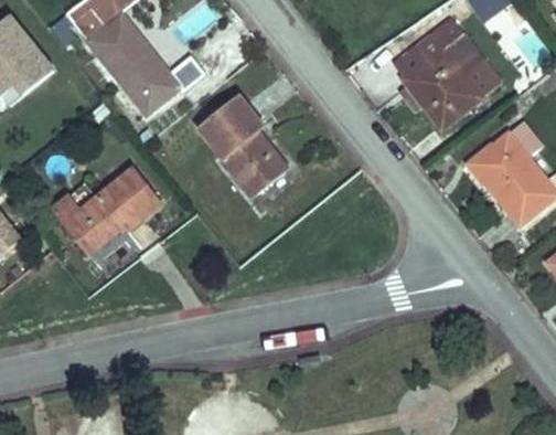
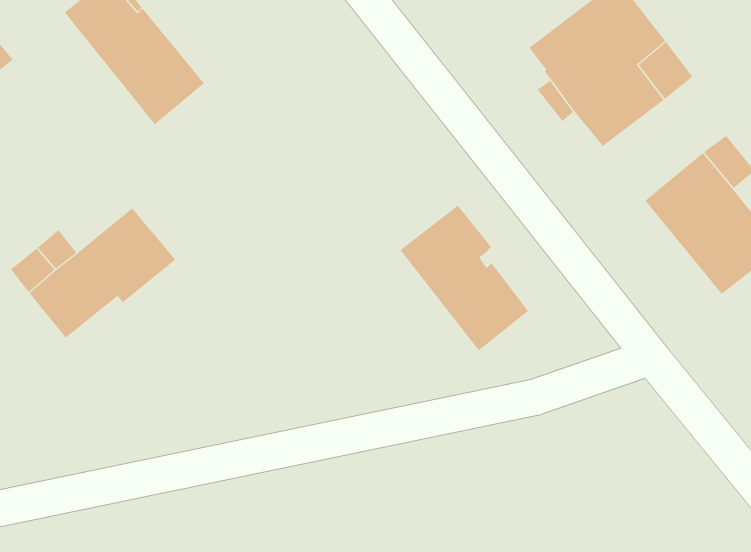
building: [200,98,285,194] -> [399,205,529,351]

